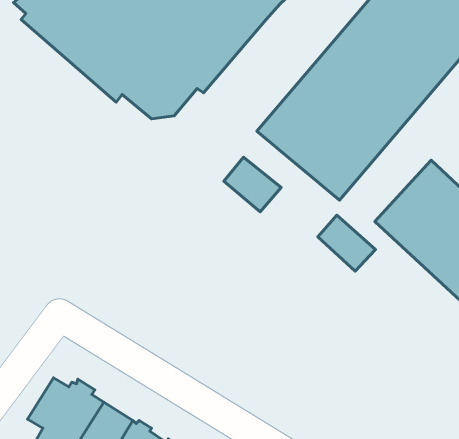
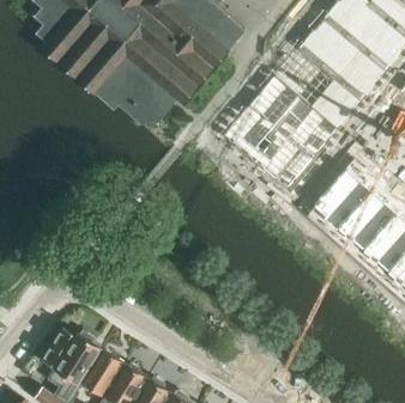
building: [224,157,281,212] -> none
building: [318,215,376,271] -> none

